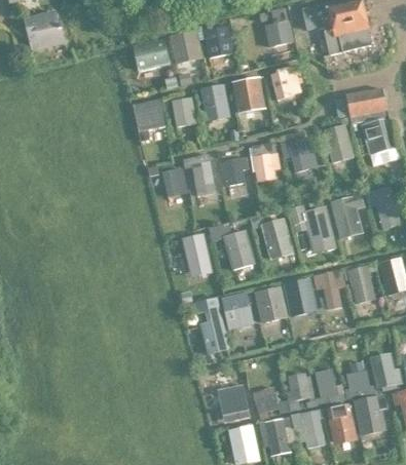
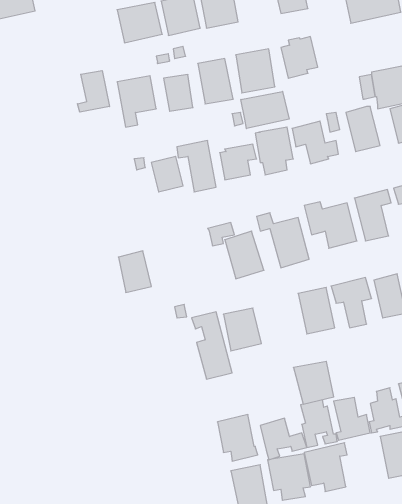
building: none -> [77,71,109,112]
building: none -> [241,91,289,129]
building: [183,233,211,268] -> [118,251,151,292]
building: [254,287,288,323] -> [293,361,334,404]
building: [326,402,358,444] -> none

